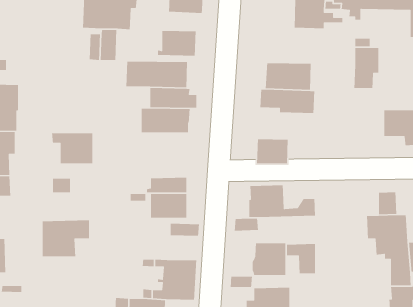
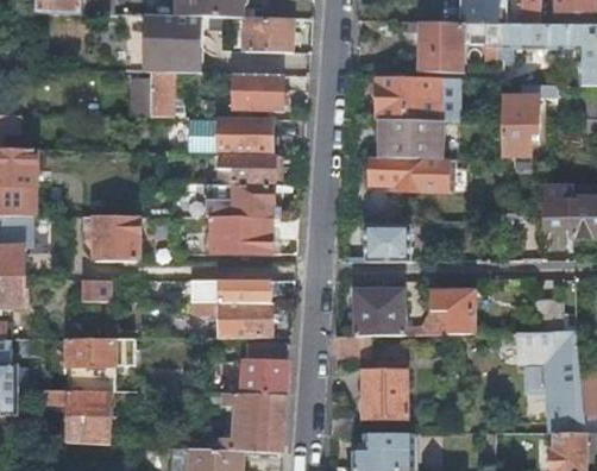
building: none -> [376,77,459,123]
building: none -> [212,219,296,256]
building: none -> [237,362,287,395]
building: [286,243,316,274] -> [432,291,473,334]
building: none -> [40,390,112,444]

